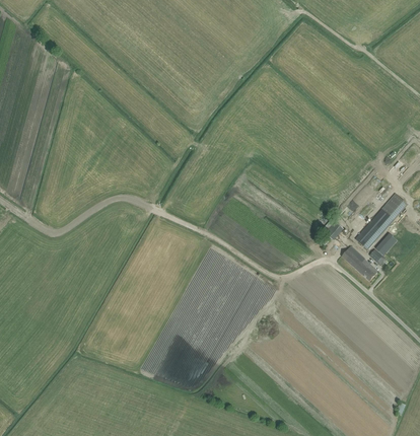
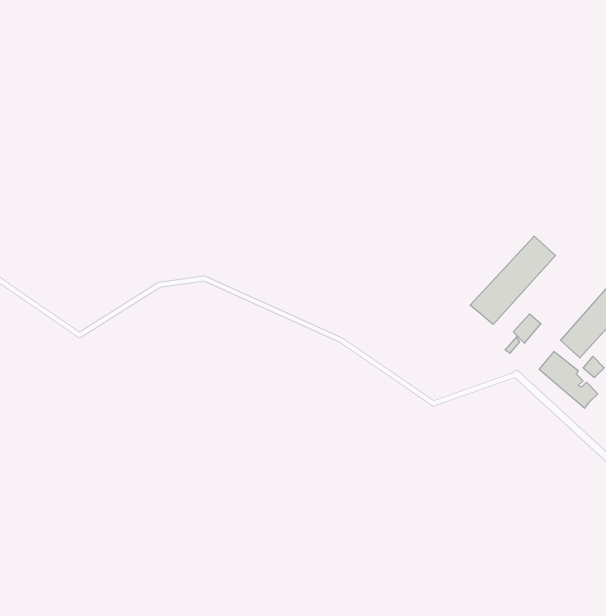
building: none -> [470,236,556,324]

